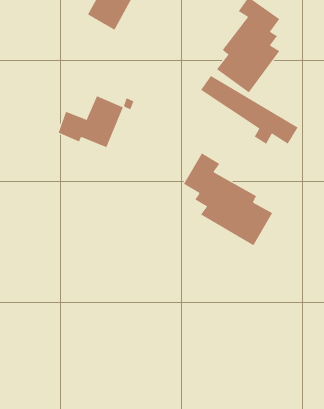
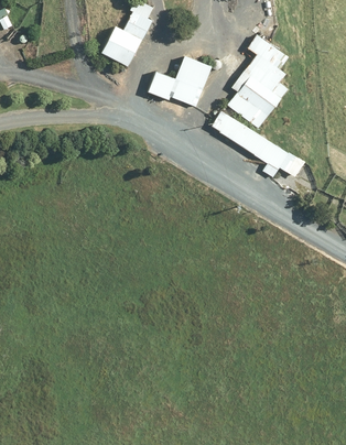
building: [58,95,134,148] -> [148,55,221,106]
building: [183,153,273,246] -> none

